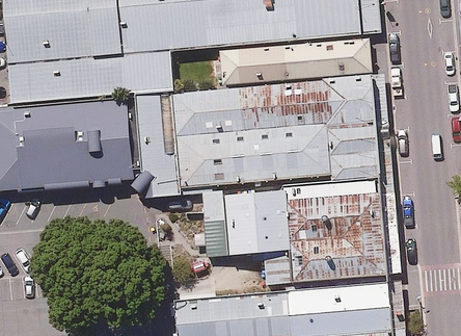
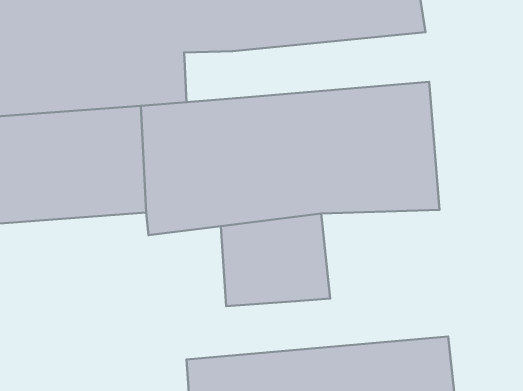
building: [211,32,372,86] -> none
building: [263,178,388,285] -> none

